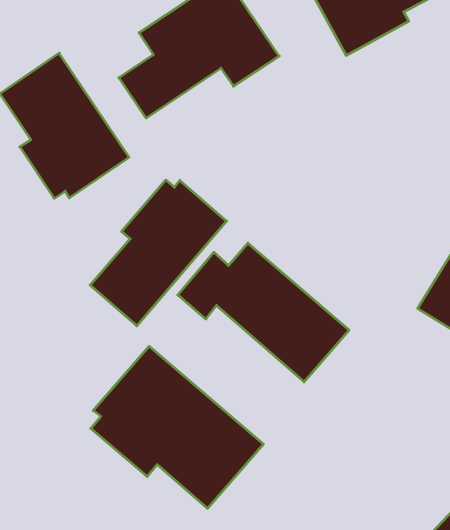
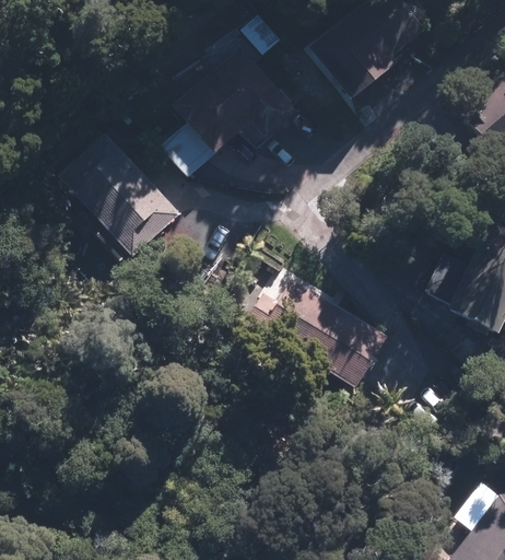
building: [90,180,227,326] -> none
building: [91,346,263,508] -> none

